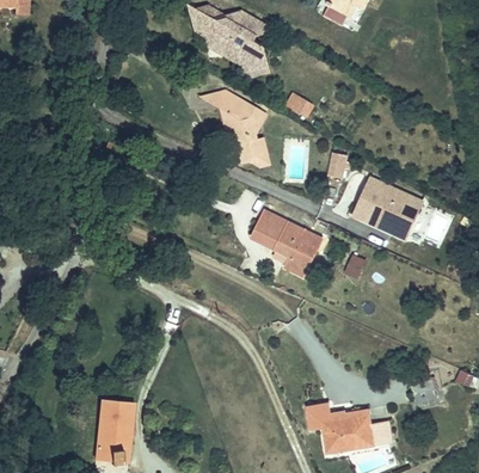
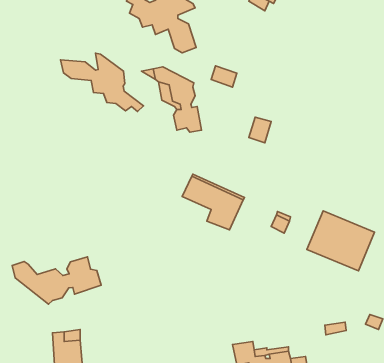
building: none -> [61,53,144,111]
building: [348,174,423,241] -> [307,211,375,271]
building: none -> [12,257,101,304]

